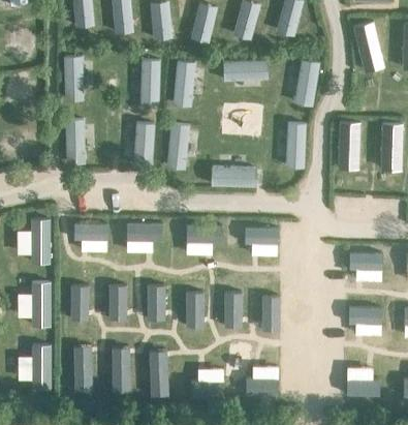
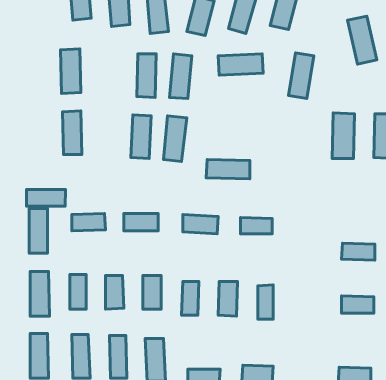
building: [285,124,306,170] -> none
building: none -> [26,189,65,206]

